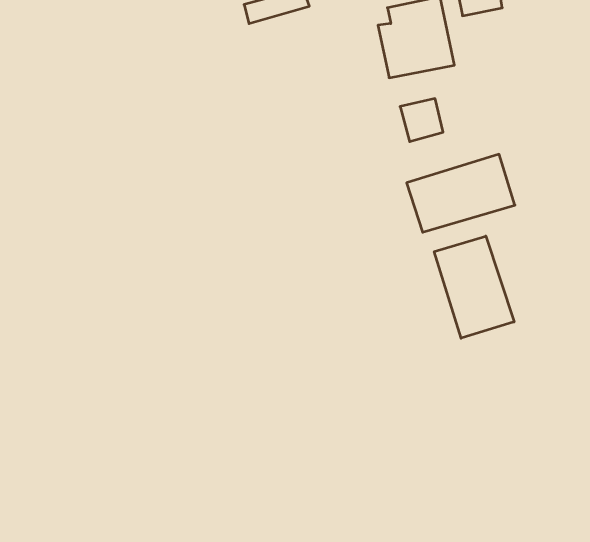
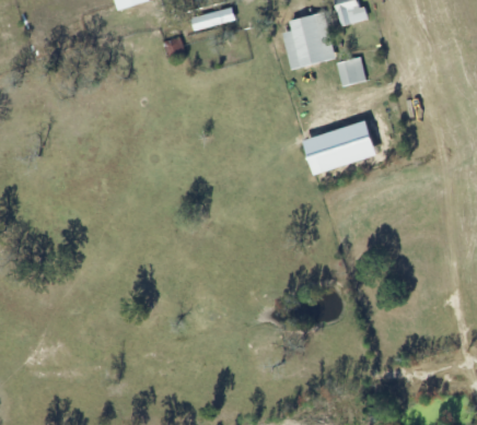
building: [400,99,443,142] -> [336,57,365,86]
building: [434,236,514,338] -> none

